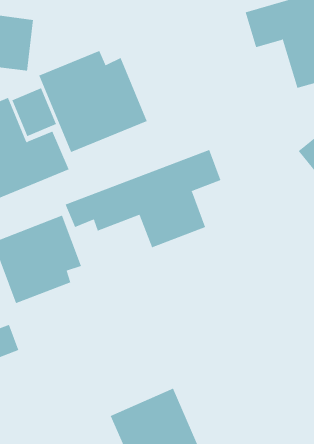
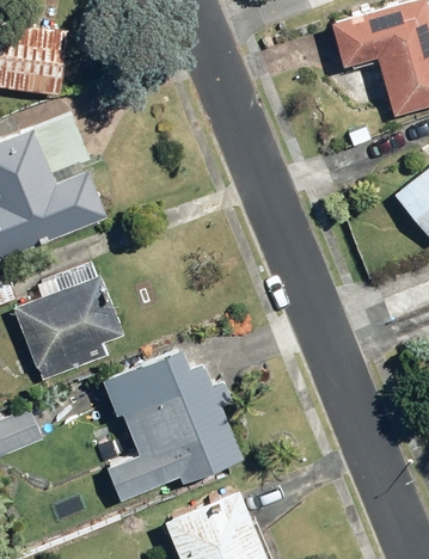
building: [39,50,147,153] -> none
building: [65,149,221,248] -> none
building: none -> [98,342,244,502]

